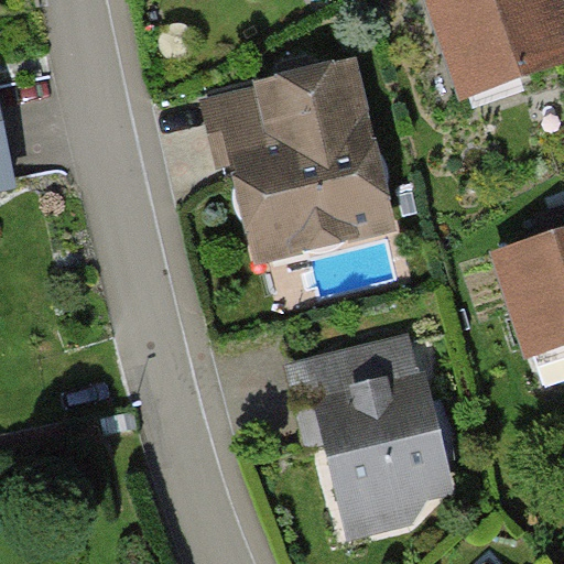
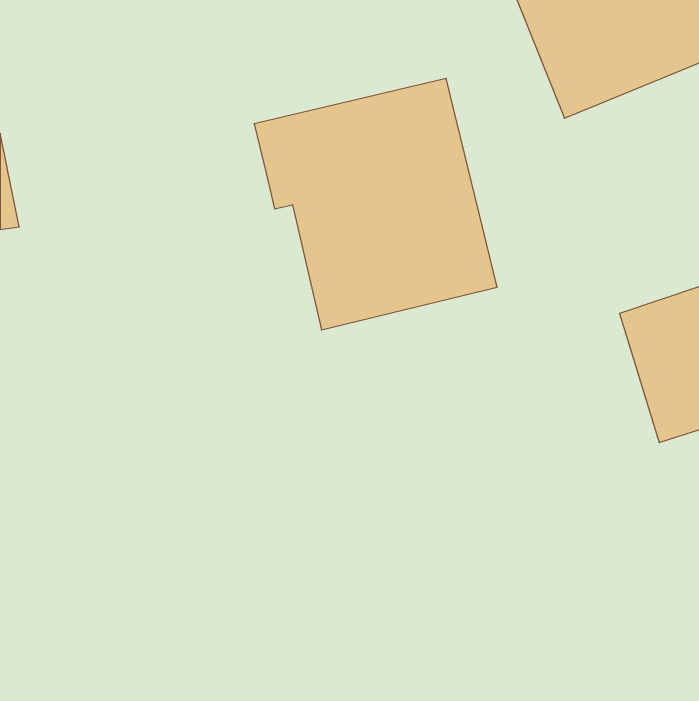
building: [283,335,446,544] -> none

